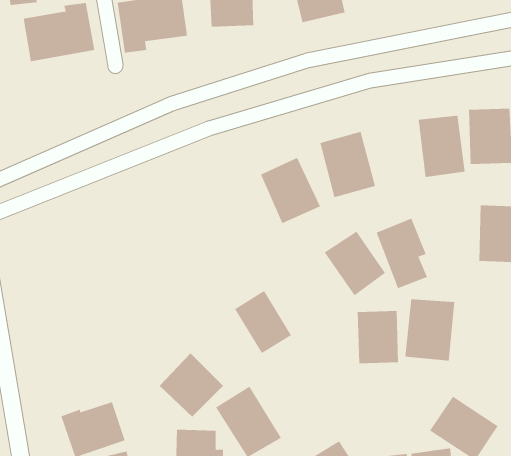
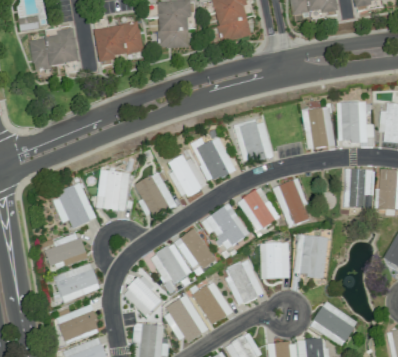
building: none -> [168,153,206,198]
building: none -> [96,169,130,210]
building: none -> [134,172,176,217]
building: none -> [51,182,96,229]
building: none -> [201,203,250,250]
building: none -> [44,232,87,270]
building: none -> [150,243,191,282]
building: none -> [225,258,264,305]
building: none -> [53,262,100,303]
building: none -> [193,281,233,324]

